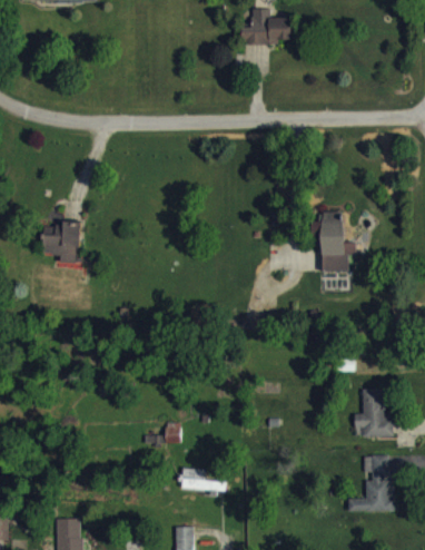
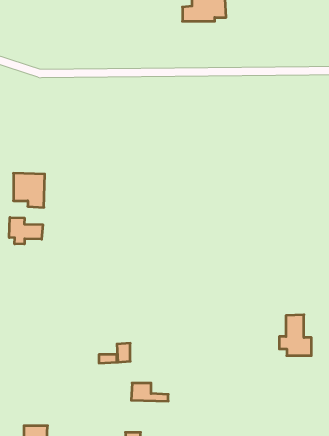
building: [310,212,349,272] -> none
building: none -> [9,217,43,244]
building: [348,455,394,512] -> none

